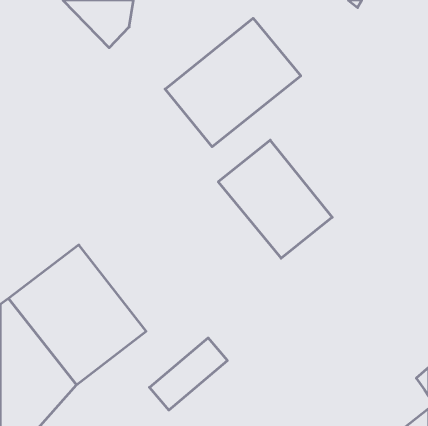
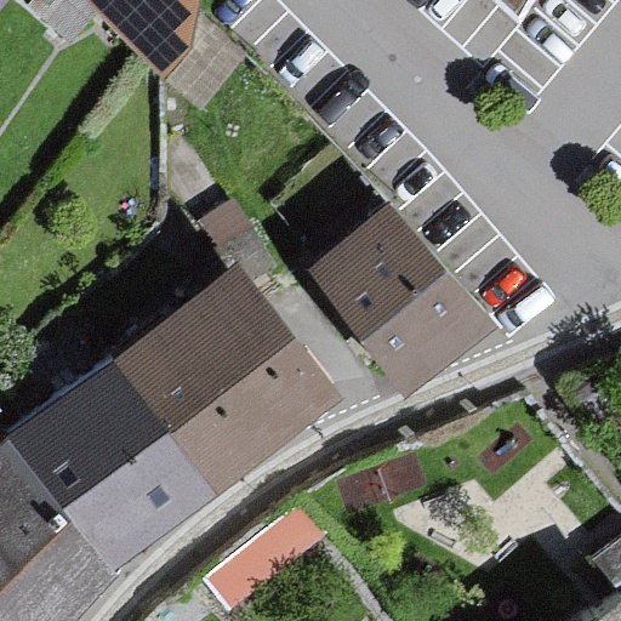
building: [165,18,301,147] -> none
building: none -> [115,267,331,483]

